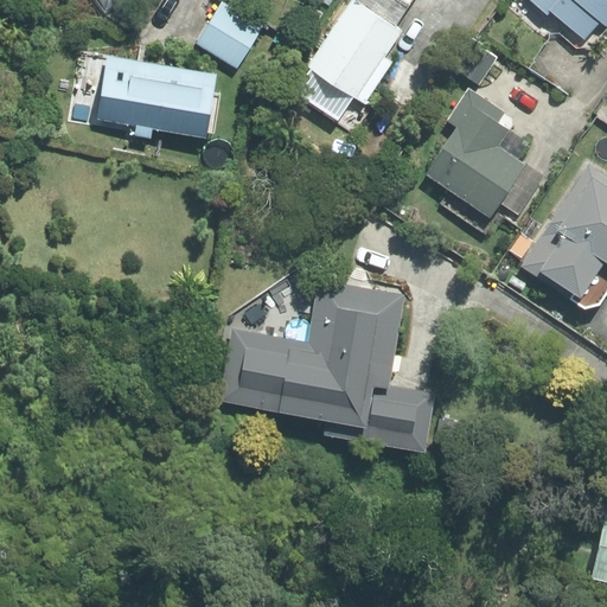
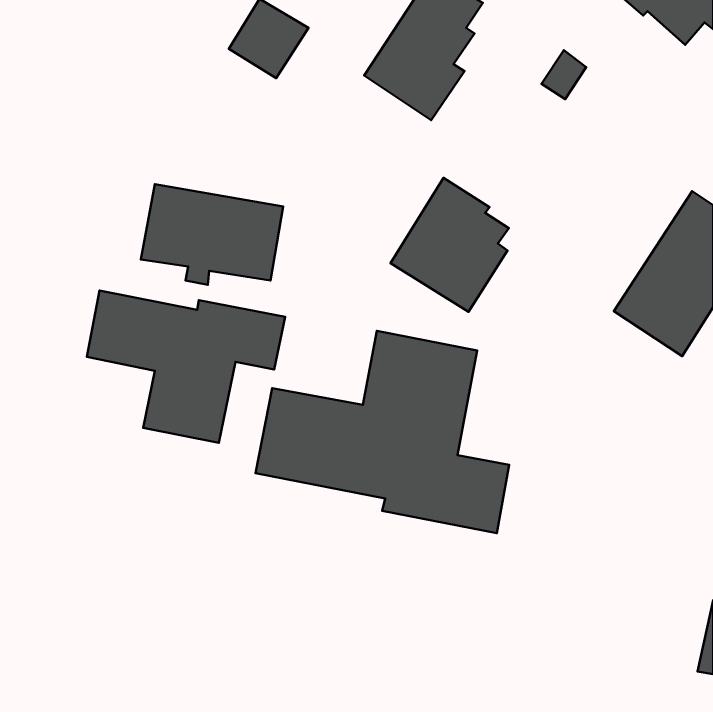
building: [96,56,217,141] -> [141,184,283,285]
building: [424,101,525,215] -> [390,178,509,312]
building: none -> [87,291,285,443]

